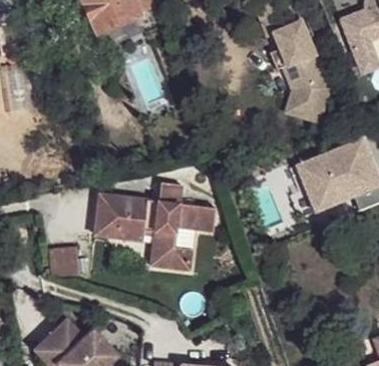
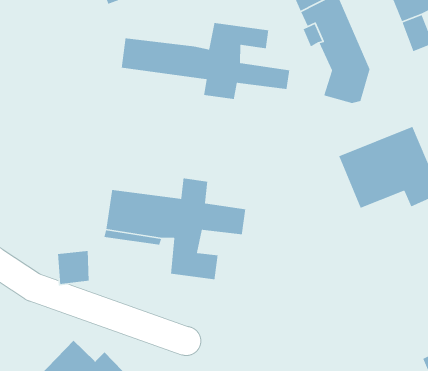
building: none -> [121,22,290,100]

